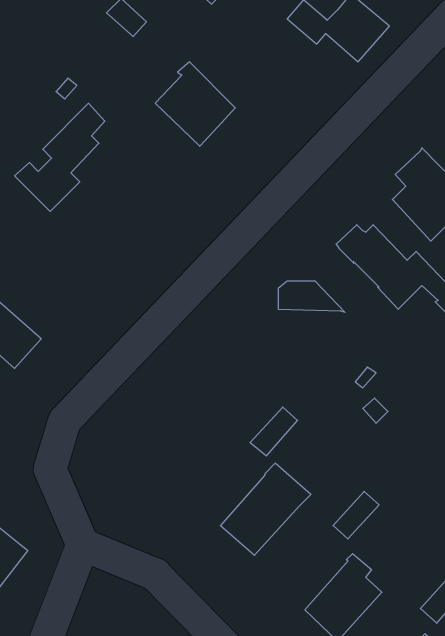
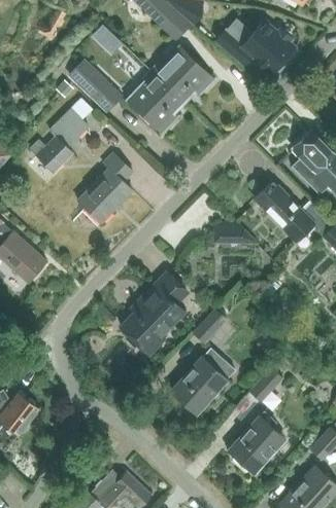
building: none -> [150,46,208,102]
building: none -> [69,61,122,111]
building: none -> [77,153,132,223]
building: none -> [121,273,189,356]

